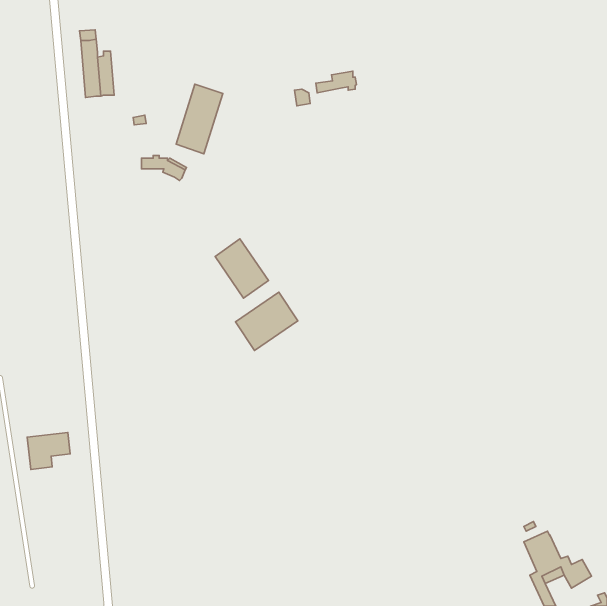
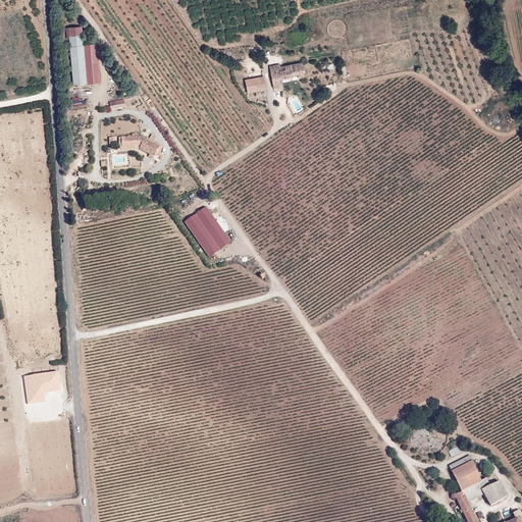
building: [176,84,223,154] -> none
building: [236,292,298,350] -> none

